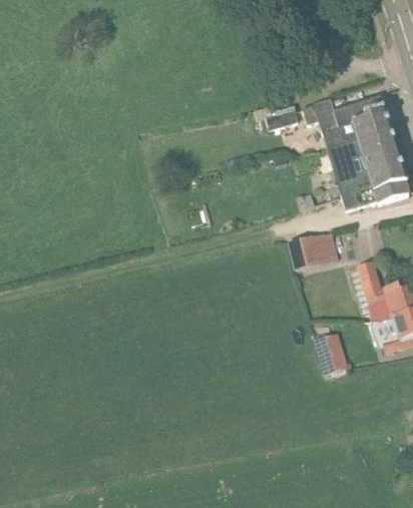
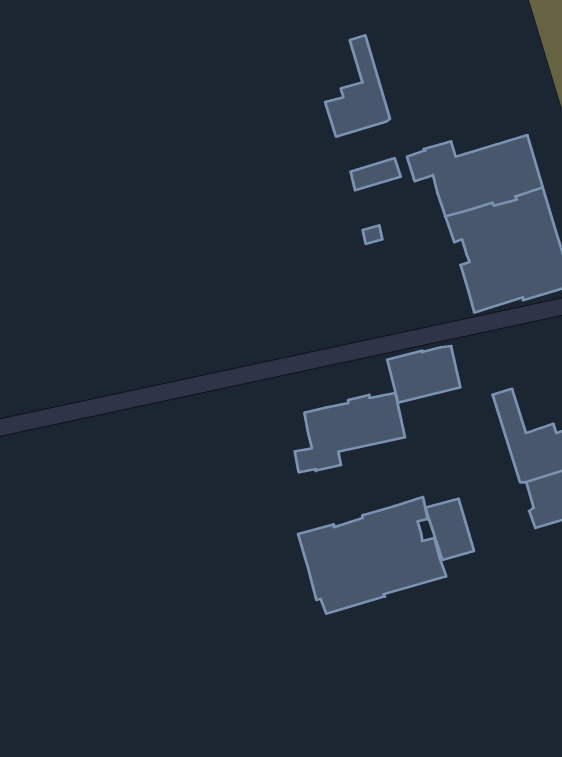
building: none -> [325,35,390,137]
building: none -> [295,393,405,472]
building: none -> [298,497,446,614]

